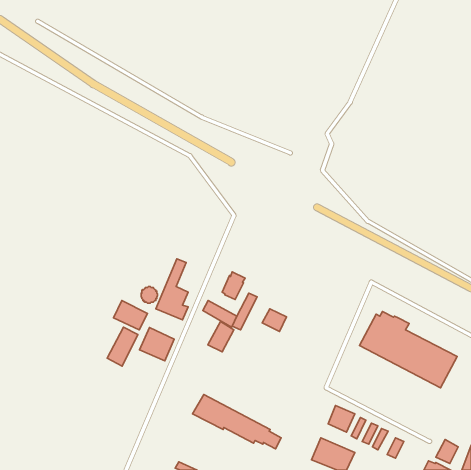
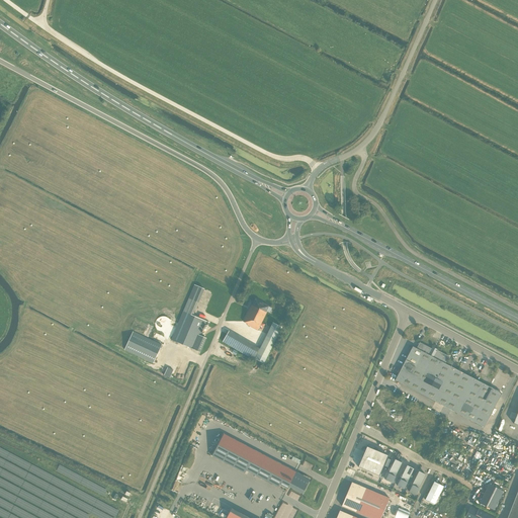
building: [262,309,286,331] -> none
building: [208,322,234,352] -> none
building: [107,327,138,366] -> none
building: [140,328,174,361] -> none

